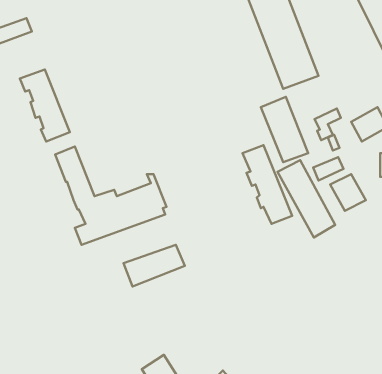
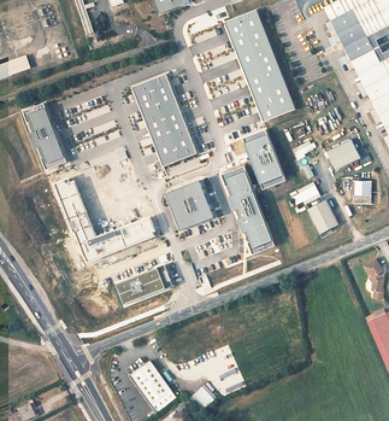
building: none -> [131,72,198,165]
building: none -> [167,181,213,229]
building: [278,160,335,237] -> none

